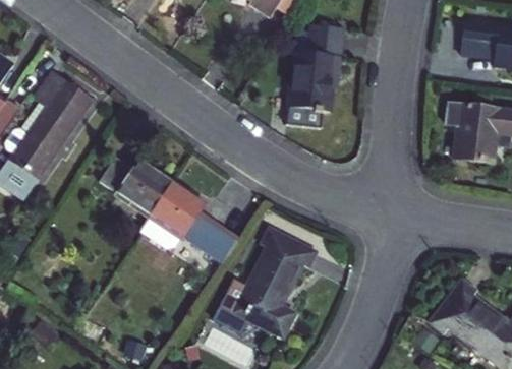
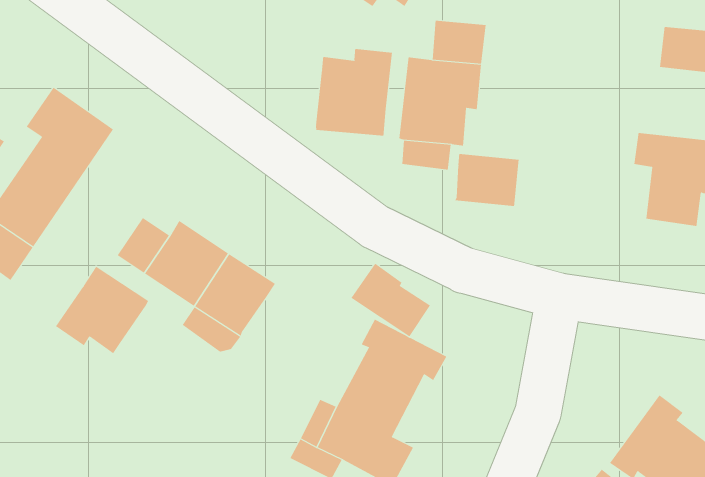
building: none -> [316,48,392,137]
building: none -> [454,153,519,207]
building: none -> [55,266,149,354]
building: [181,211,235,261] -> [351,263,431,337]

